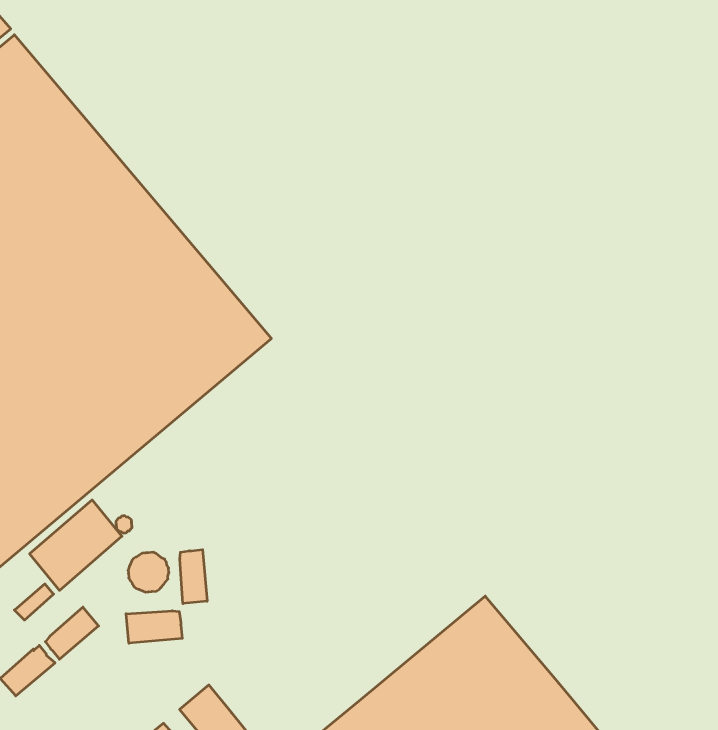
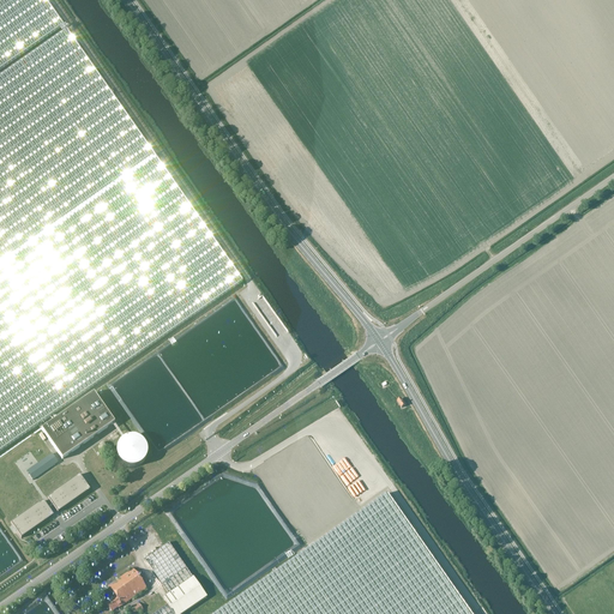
building: [180,550,207,604] -> none
building: [126,611,182,643] -> none

